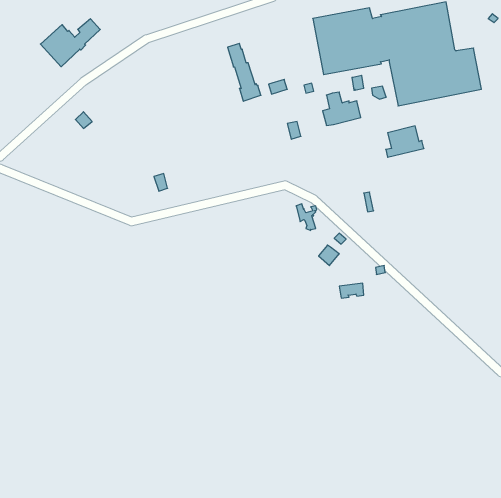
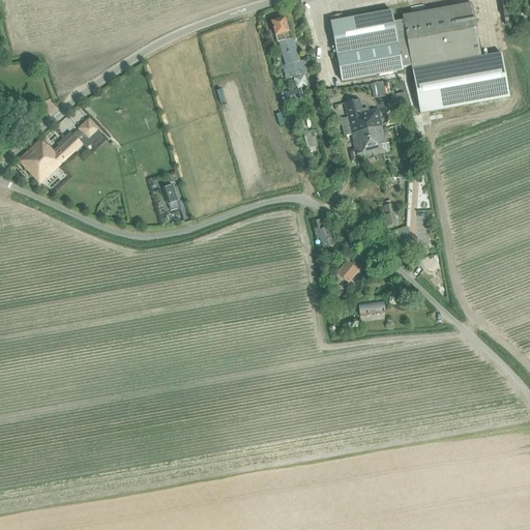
building: [40,19,100,67] -> [18,130,81,181]
building: [228,43,261,101] -> [271,14,306,76]
building: [386,126,424,157] -> [350,124,390,157]

